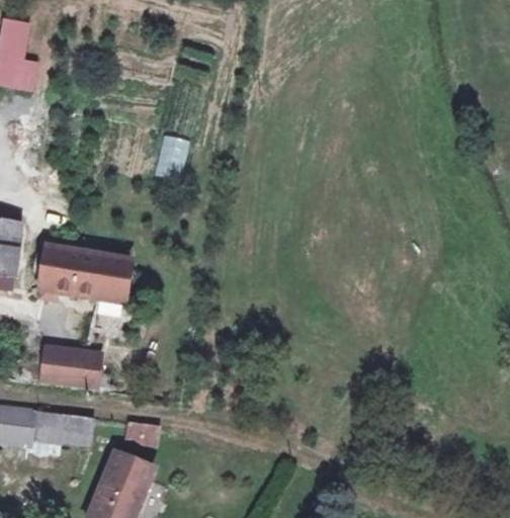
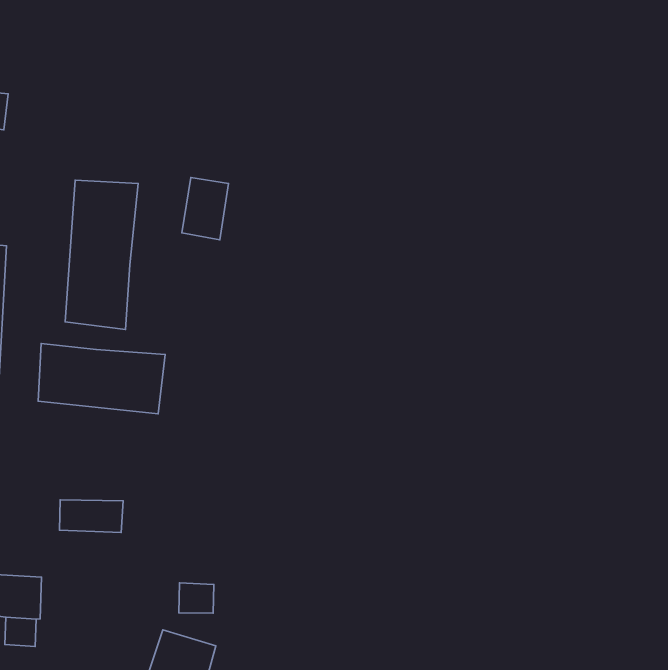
building: none -> [65,180,138,329]
building: [31,411,91,447] -> none

